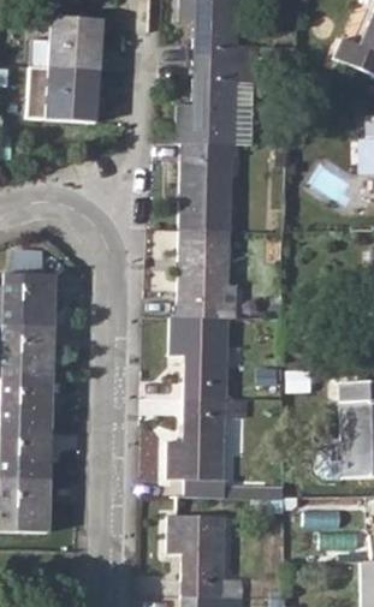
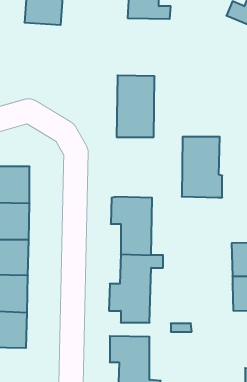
building: [177,61,254,144] -> none
building: [26,66,99,123] -> none
building: [177,231,235,317] -> [182,137,222,197]

